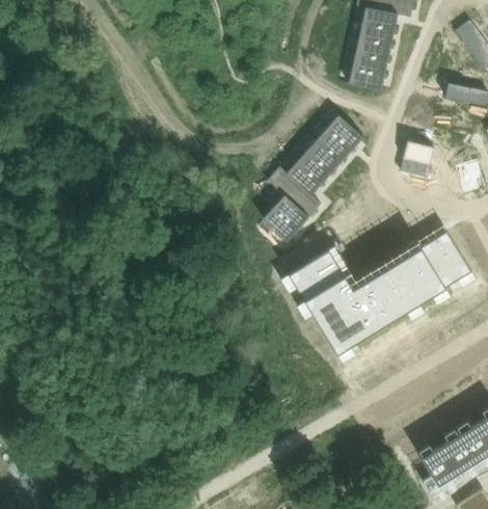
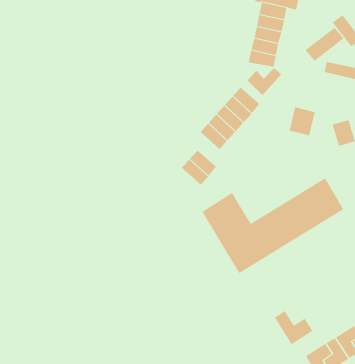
building: none -> [305,26,344,62]
building: none -> [247,67,282,96]
building: [267,166,321,217] -> none
building: none -> [274,310,313,345]

